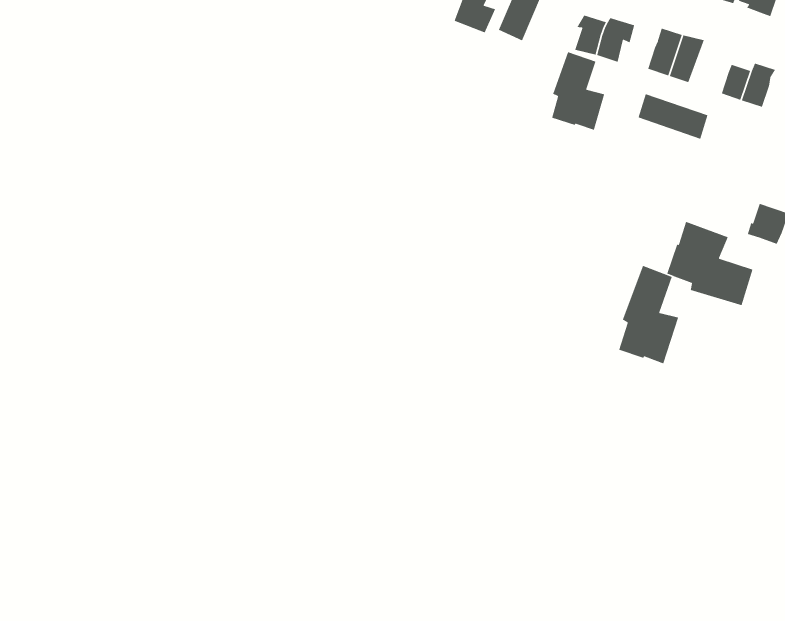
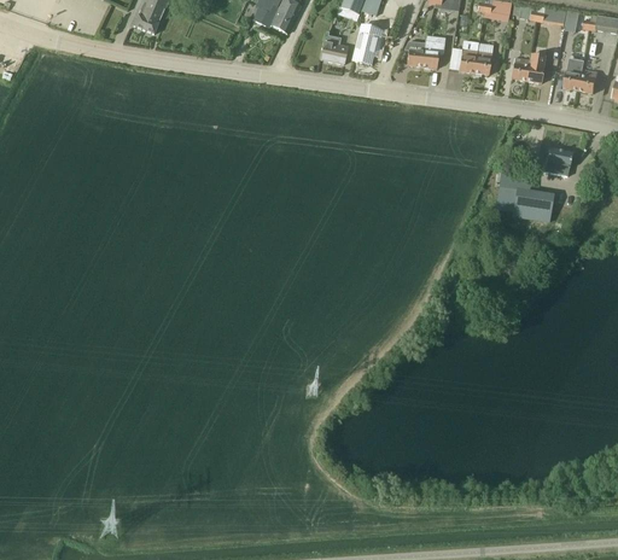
building: [551,51,605,131] -> none
building: [637,93,709,140] -> none
building: [618,265,679,365] -> none

